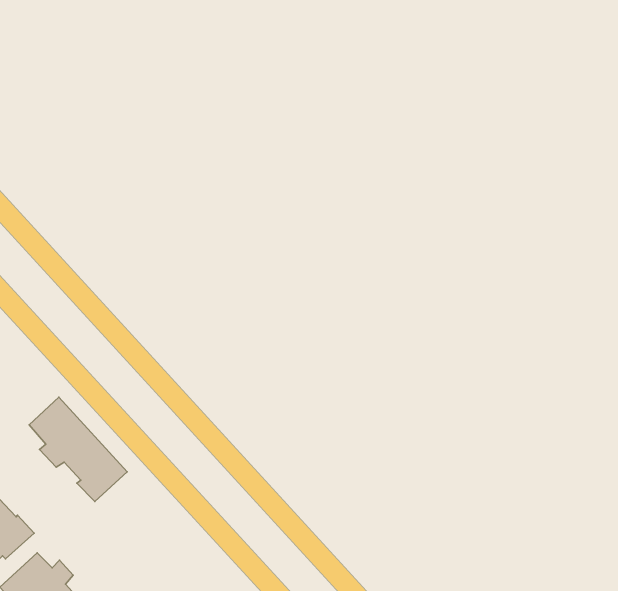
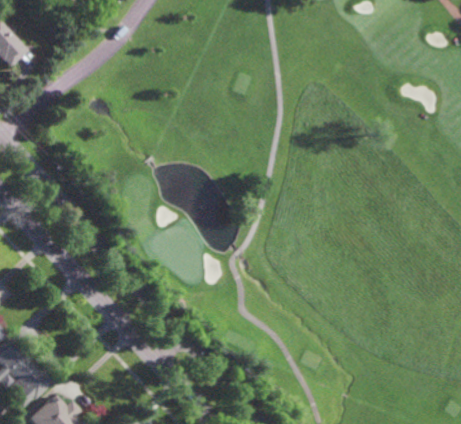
building: [29,397,127,502] -> none

